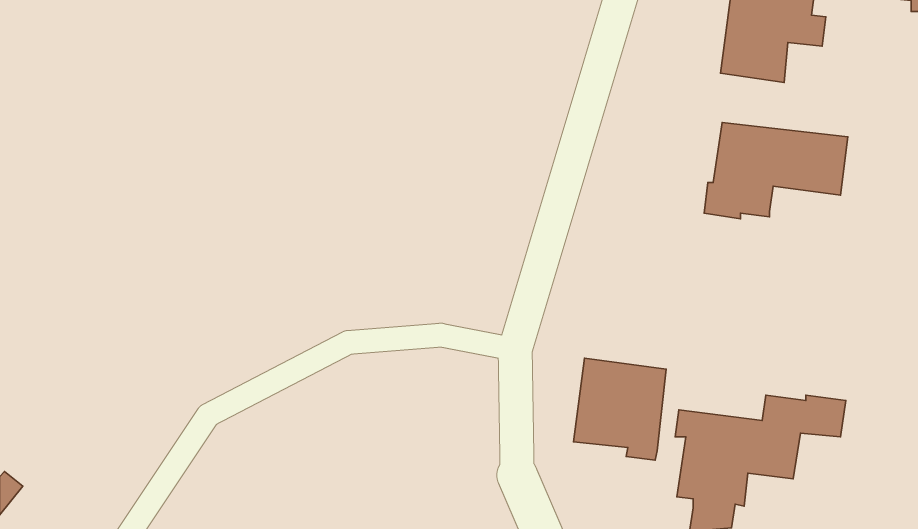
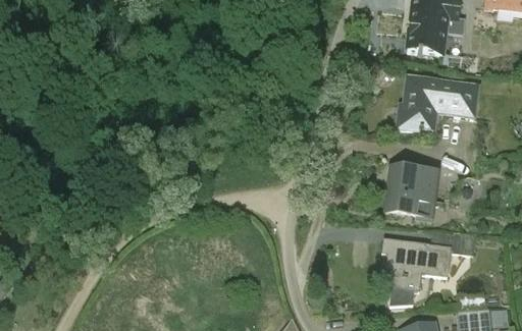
building: [573,358,666,460] -> [385,164,437,221]

